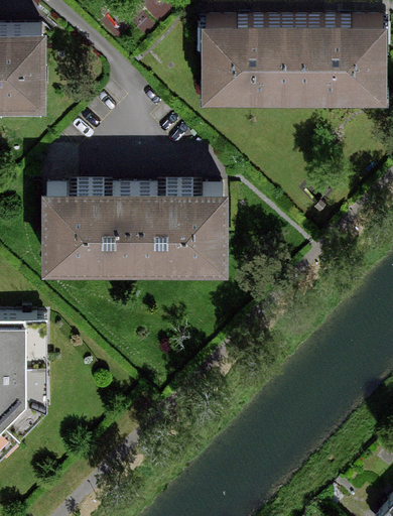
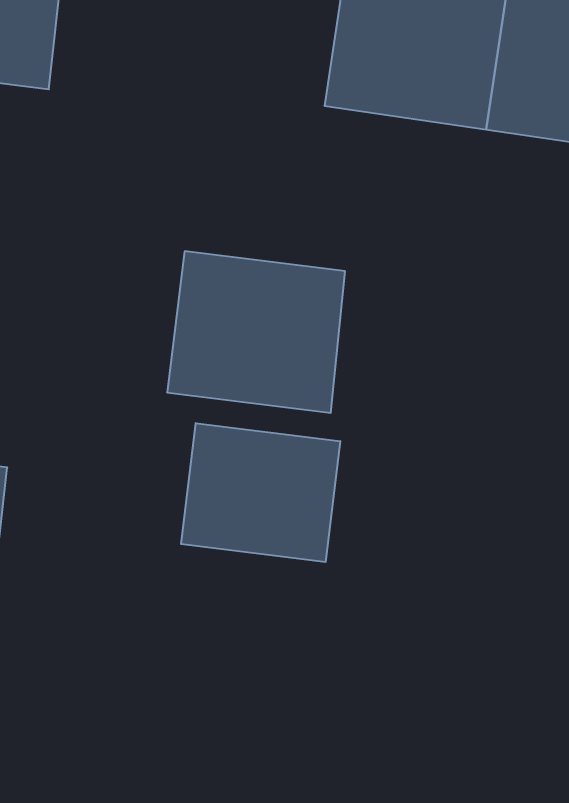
building: [41,191,132,272] -> none
building: none -> [181,423,340,562]

